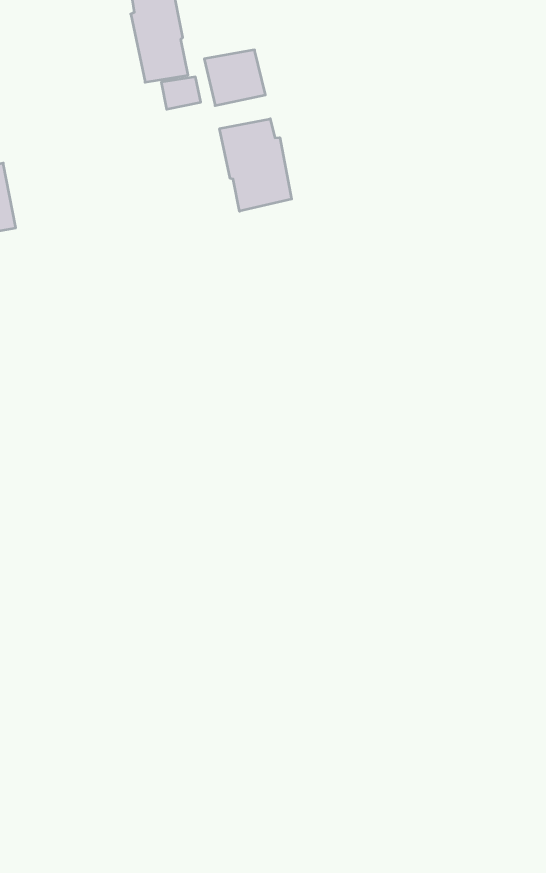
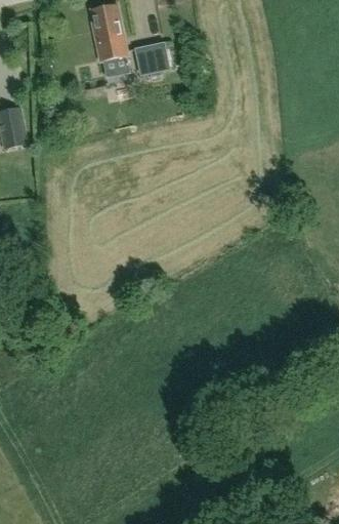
building: [220,119,292,211] -> none

